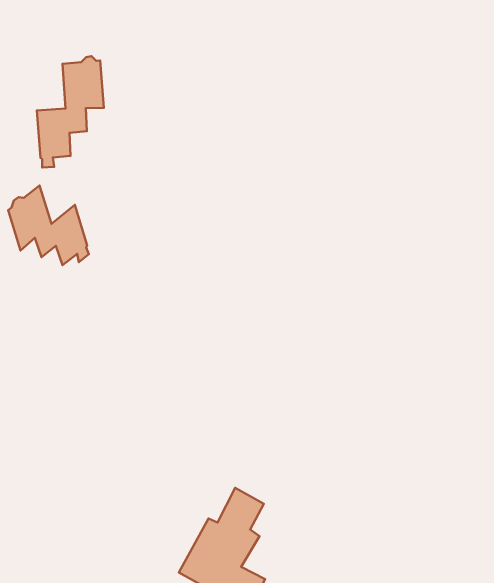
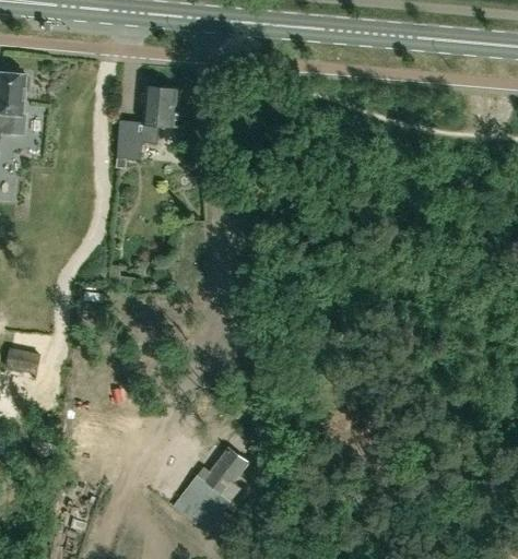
building: [8,186,89,265] -> none

